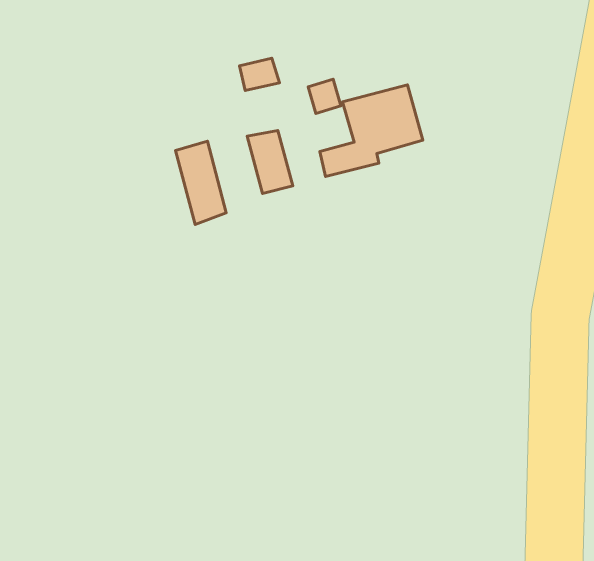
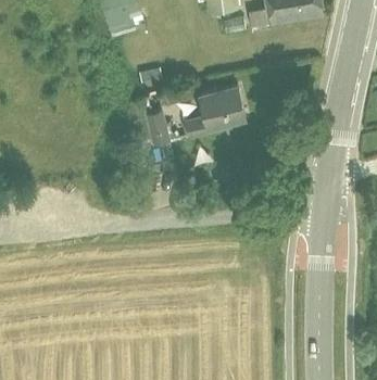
building: [175,141,226,224] -> none

